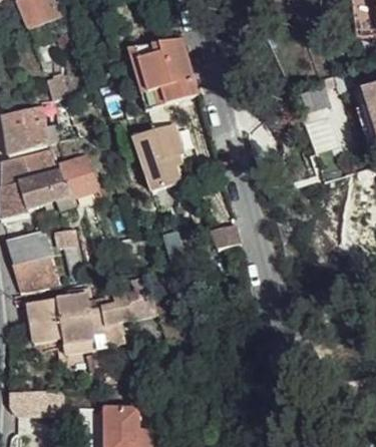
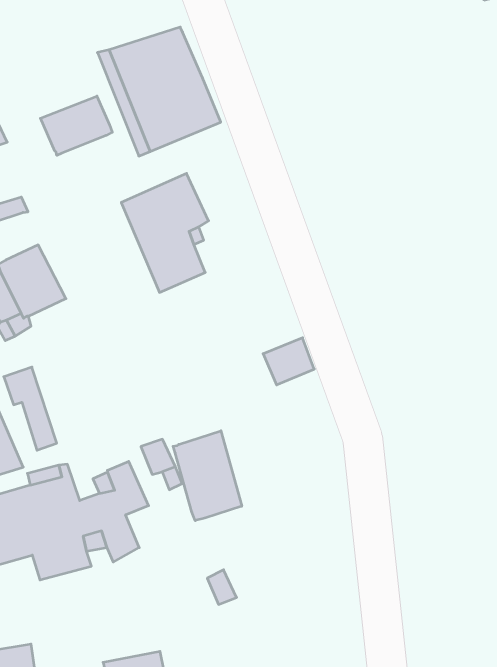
building: none -> [40,96,112,155]
building: none -> [173,431,242,521]

